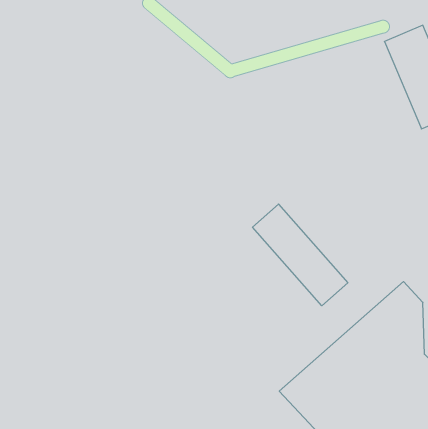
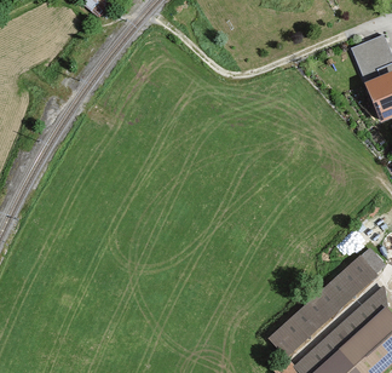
building: [253,204,348,306] -> none

